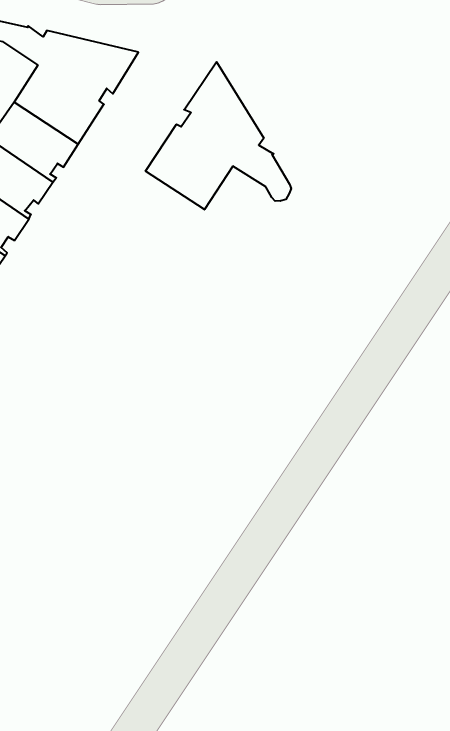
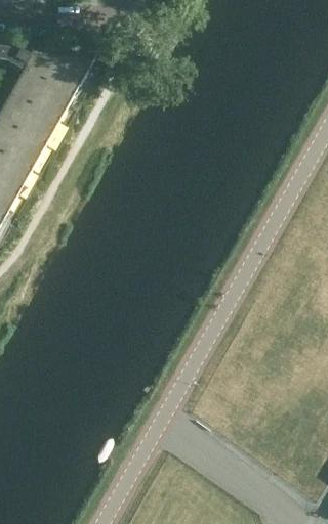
building: [146,62,291,210] -> none

